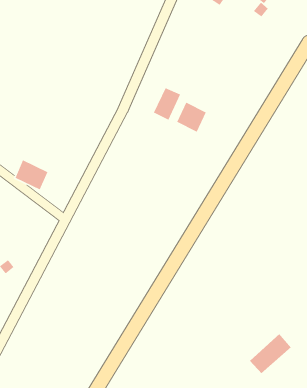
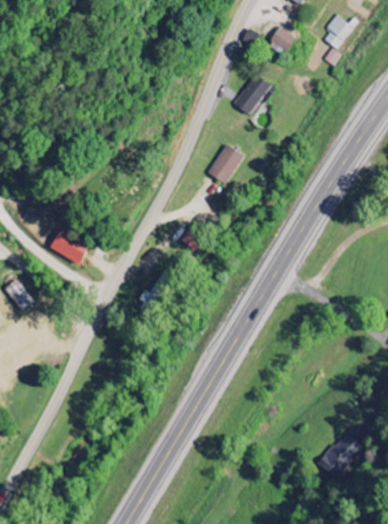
building: none -> [233,75,270,116]
building: [176,102,207,133] -> none

